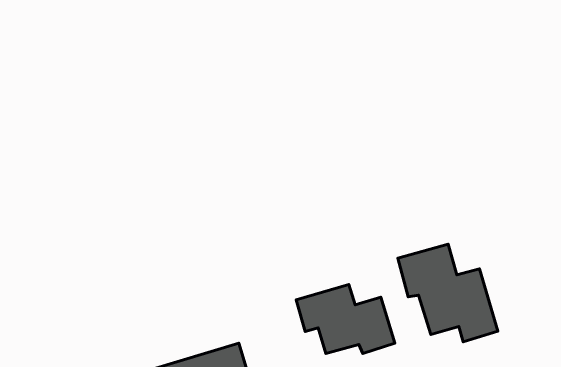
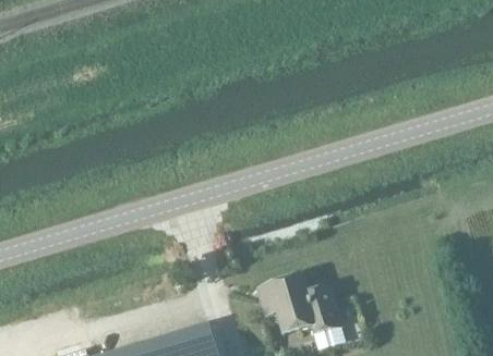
building: [398,244,498,342] -> none

